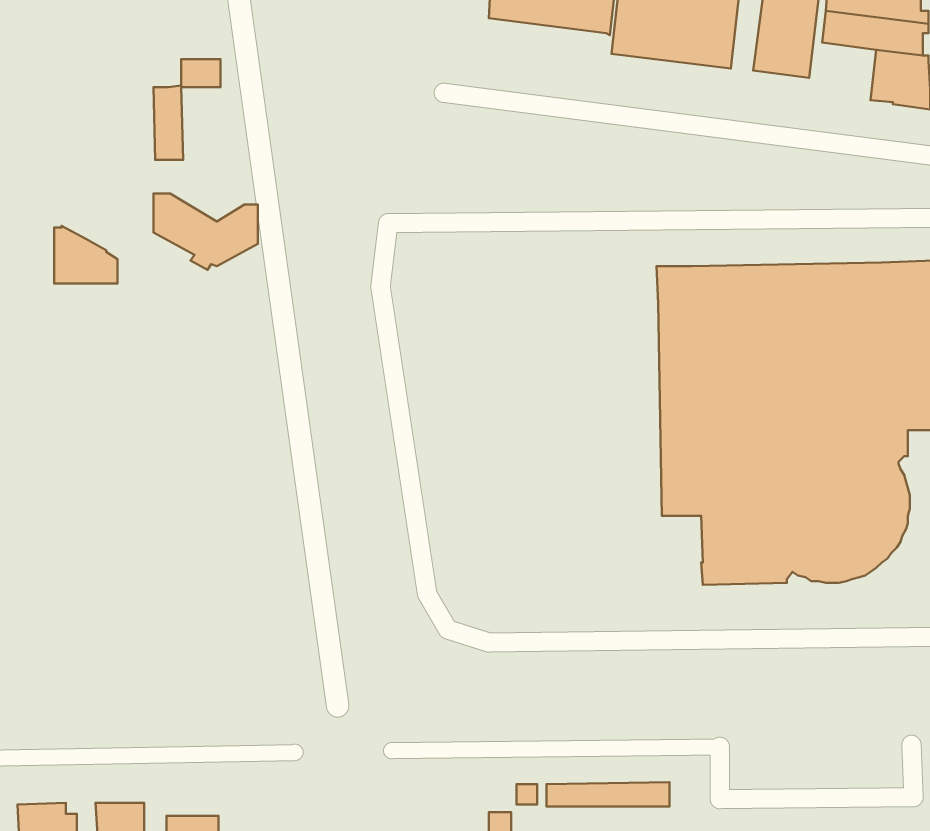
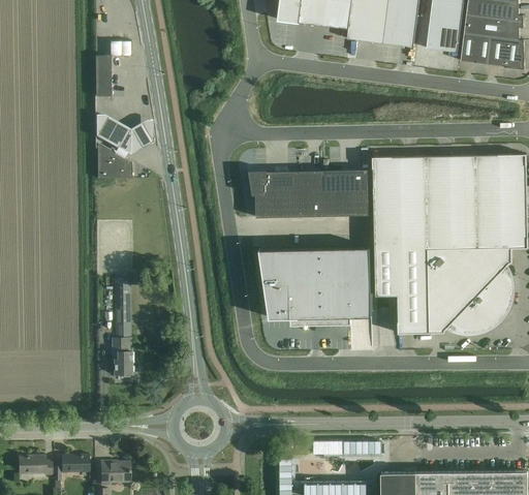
building: none -> [460,33,494,65]
building: [54,226,117,284] -> [96,147,131,179]
building: none -> [248,169,368,218]
building: none -> [258,248,370,327]
building: none -> [112,275,131,375]

